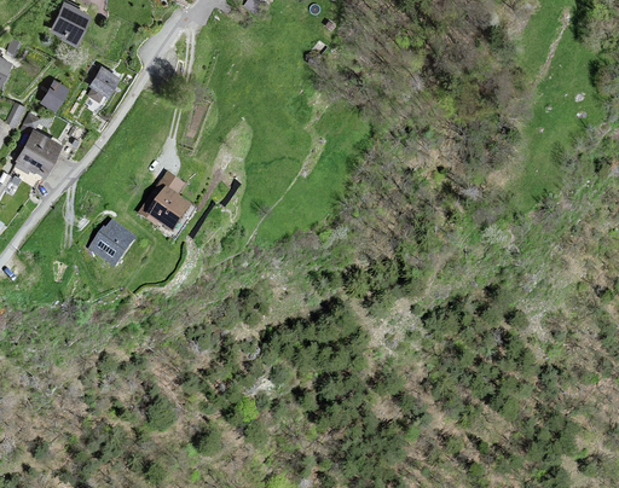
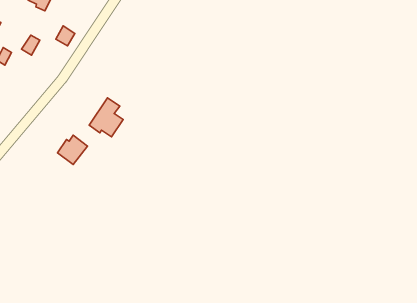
building: [16,132,60,175] -> none

